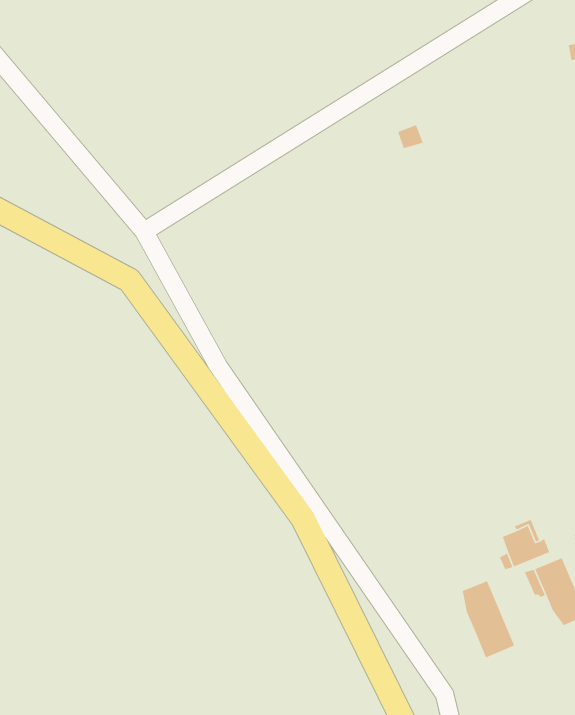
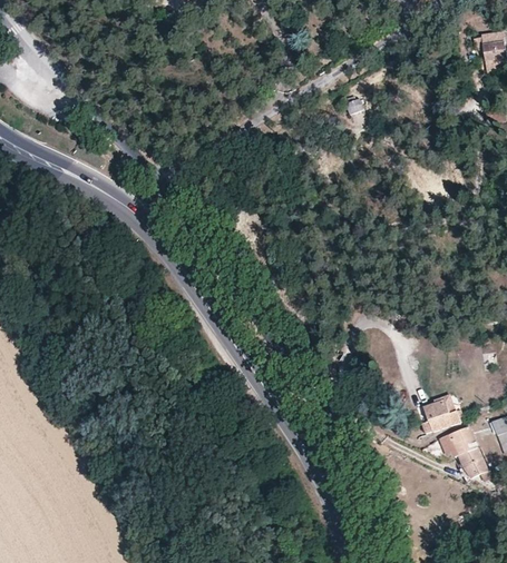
building: [462,580,515,659] -> none

